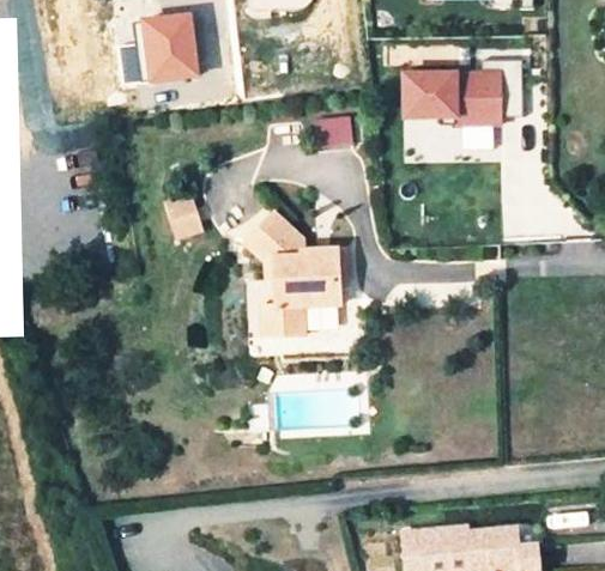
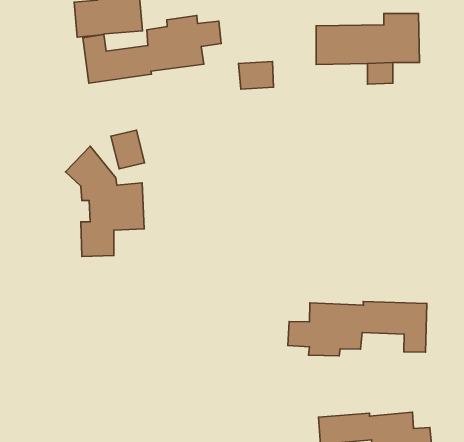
building: none -> [83,16,221,83]
building: [243,204,335,333] -> [66,146,144,257]
building: none -> [288,302,427,356]

